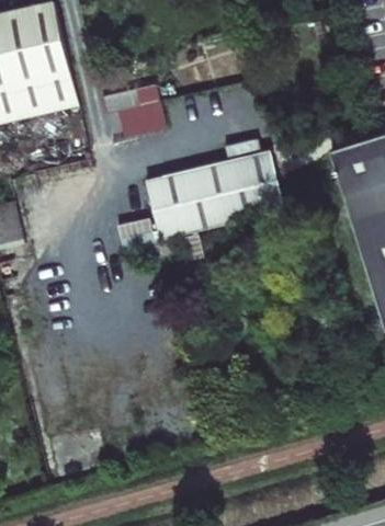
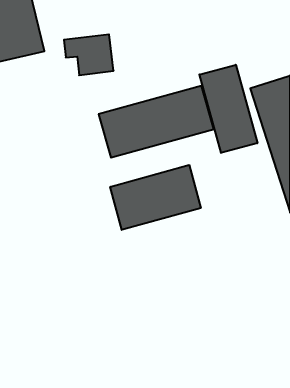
building: none -> [199,65,257,153]
building: none -> [110,165,201,230]

